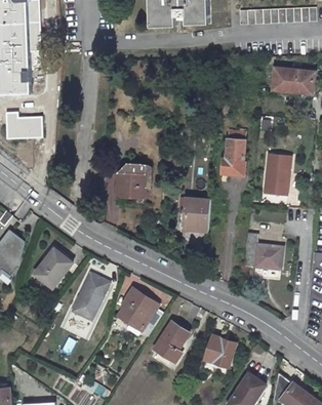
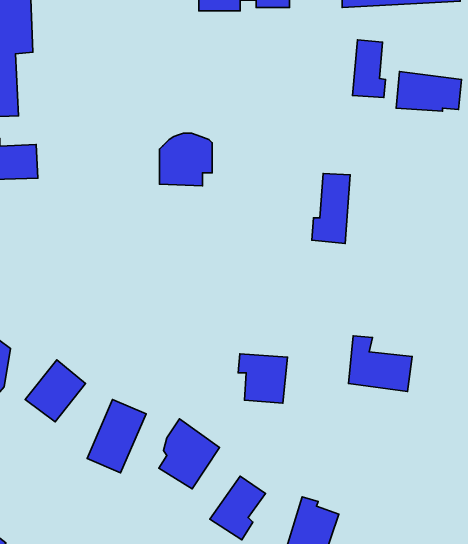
building: none -> [353,40,385,98]
building: [265,151,291,192] -> none
building: [117,163,151,197] -> [160,133,212,186]
building: [178,198,210,230] -> [238,354,288,403]

